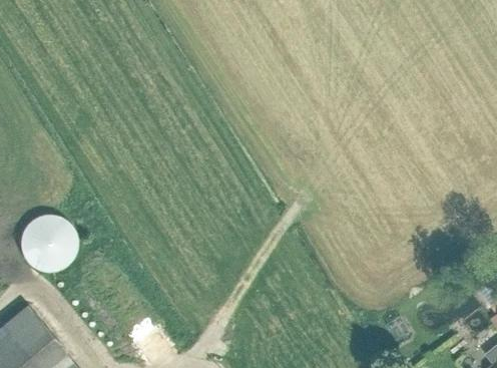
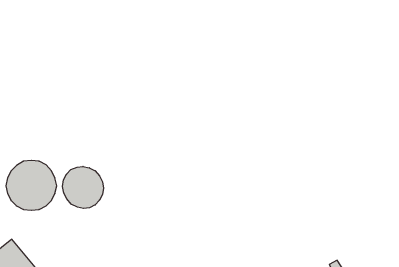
building: none -> [62,166,104,208]

